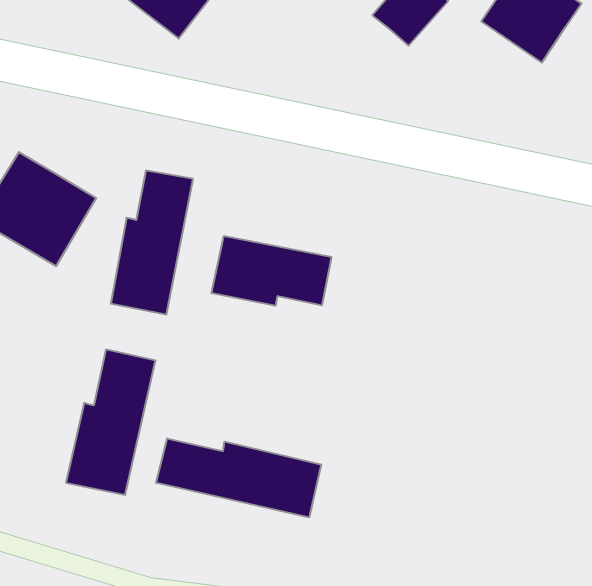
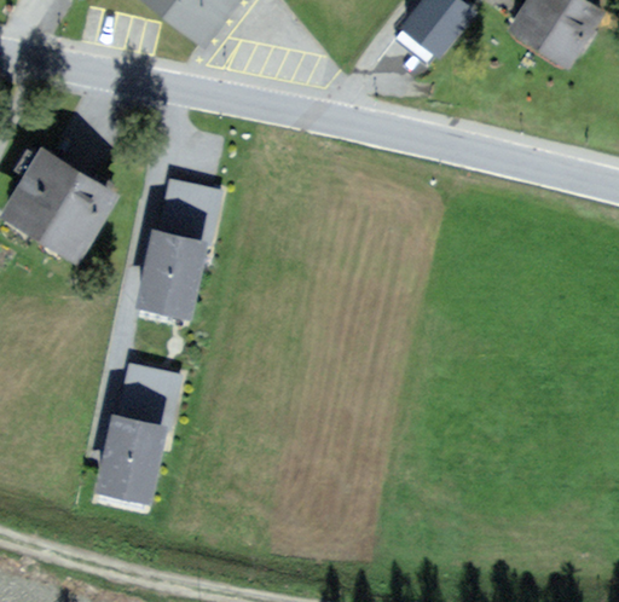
building: [212,236,331,306] -> none
building: [156,438,321,517] -> none

